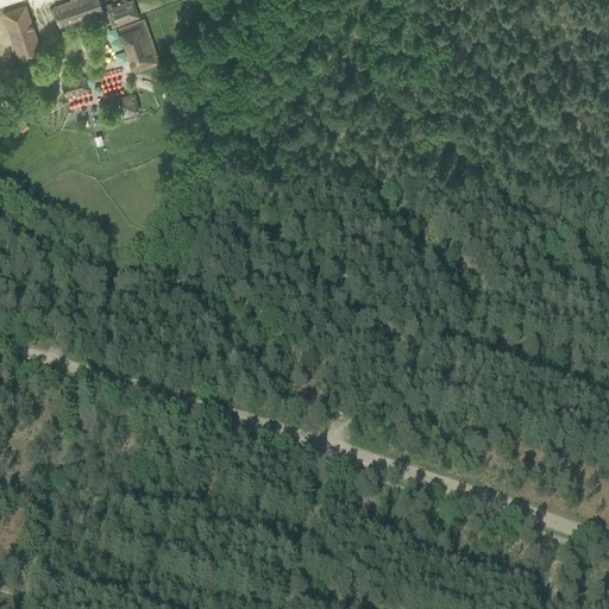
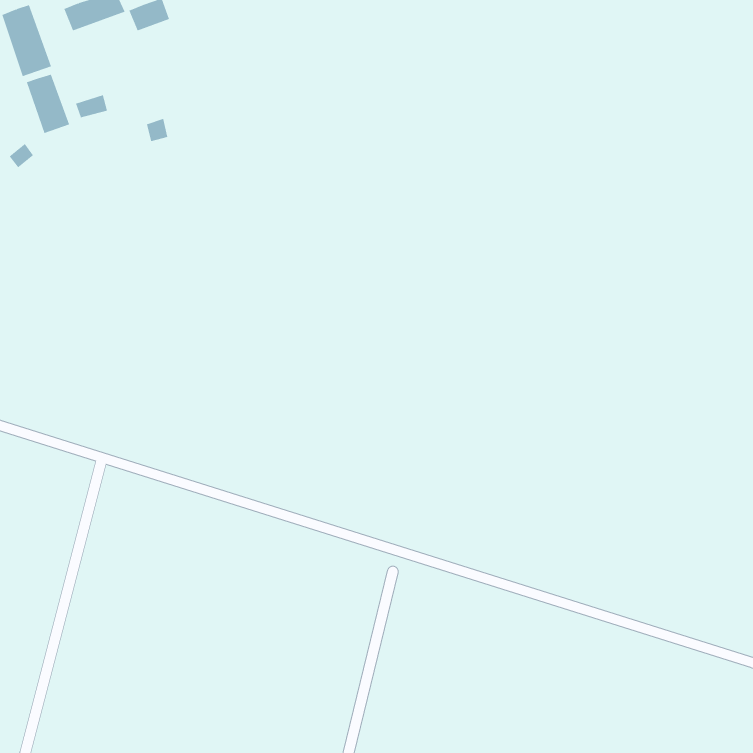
building: [120,18,158,69] -> none
building: none -> [26,74,70,134]

